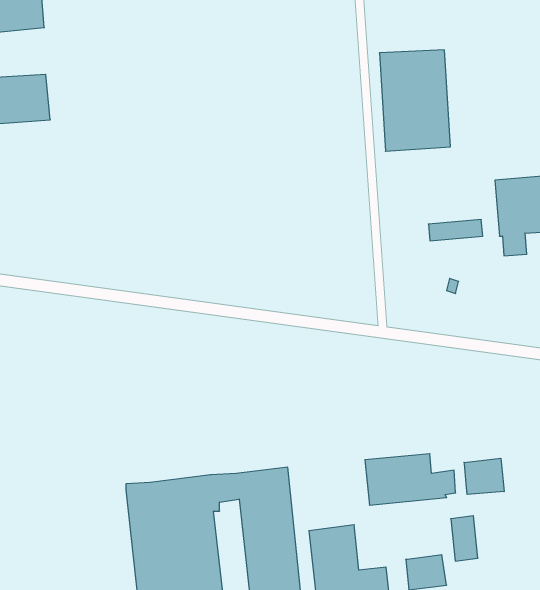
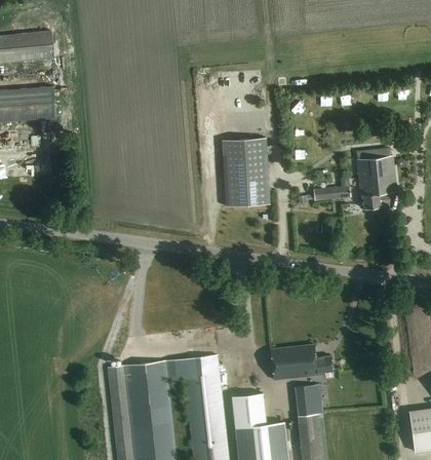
building: [379,50,450,151] -> [222,139,270,207]
building: [464,458,504,494] -> none
building: [451,516,478,561] -> [296,386,314,417]

